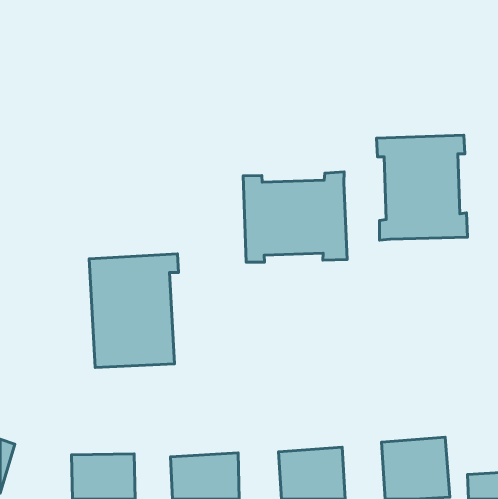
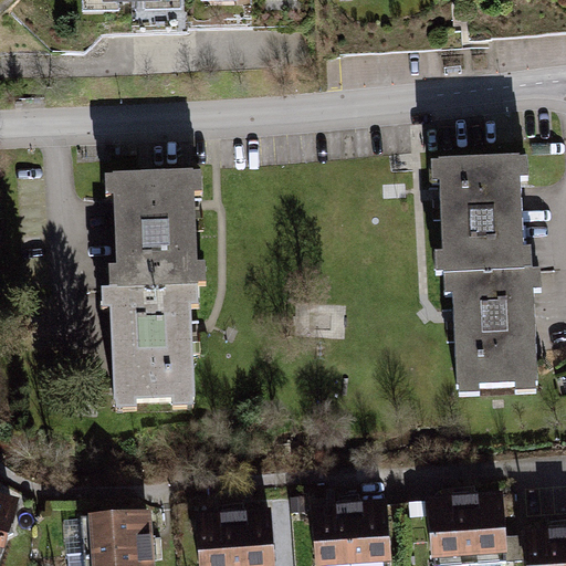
building: none -> [102,171,210,292]
building: [243,172,347,262] -> none
building: none -> [443,266,541,396]

